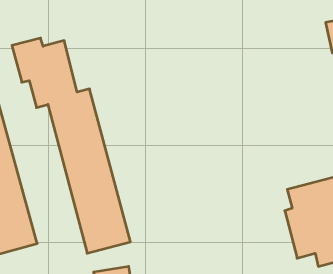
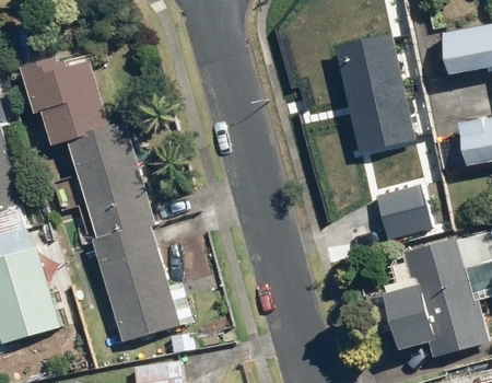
building: none -> [333,34,414,153]
building: none -> [373,186,429,241]

